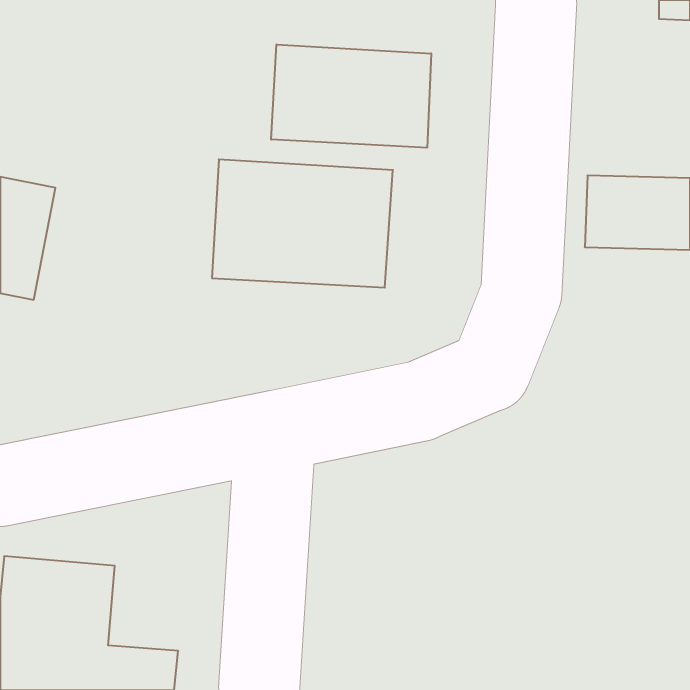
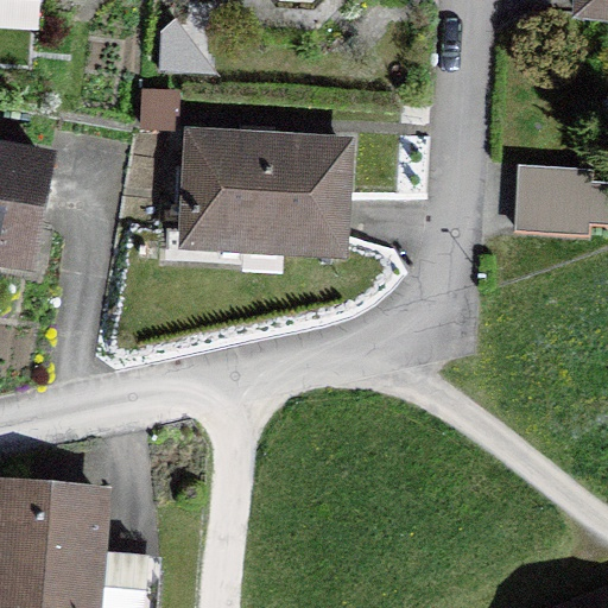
building: [271,44,431,148] -> none

